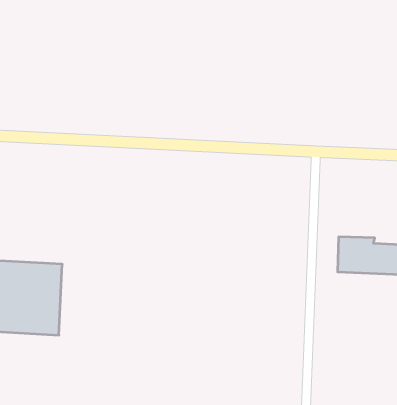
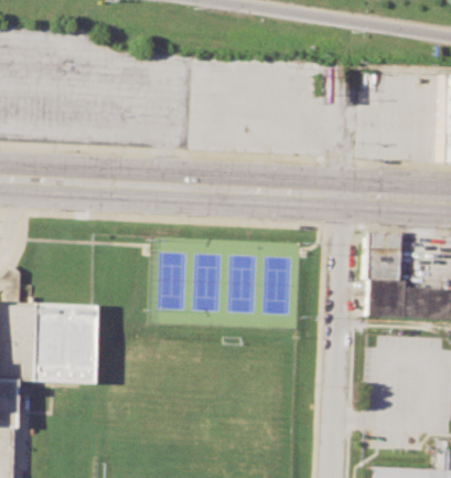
building: none -> [368,232,405,282]

